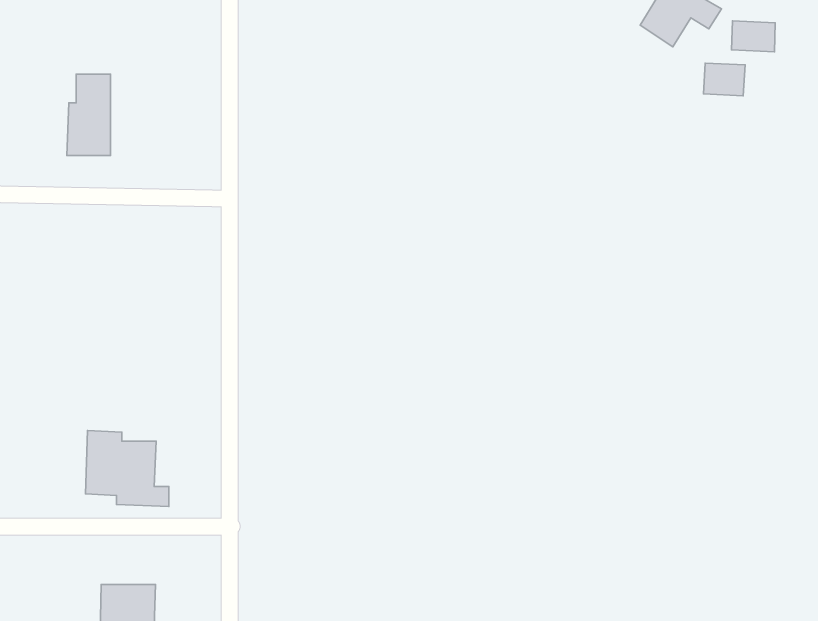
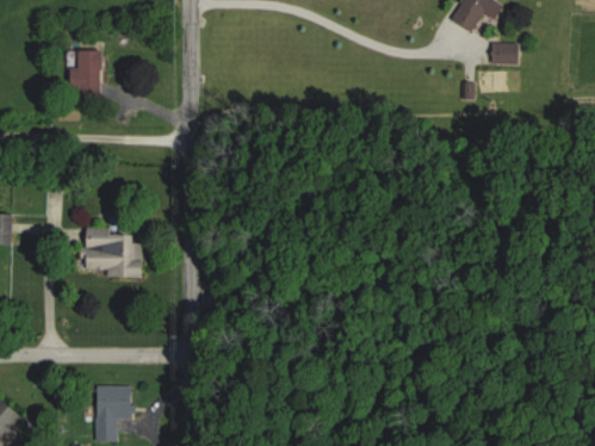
building: [732,21,775,52] -> none
building: [86,430,169,506] -> [86,228,141,278]

